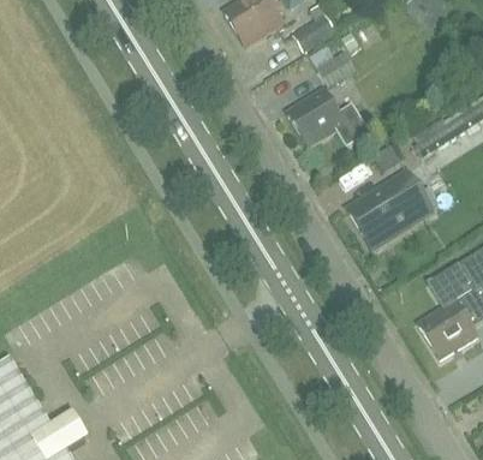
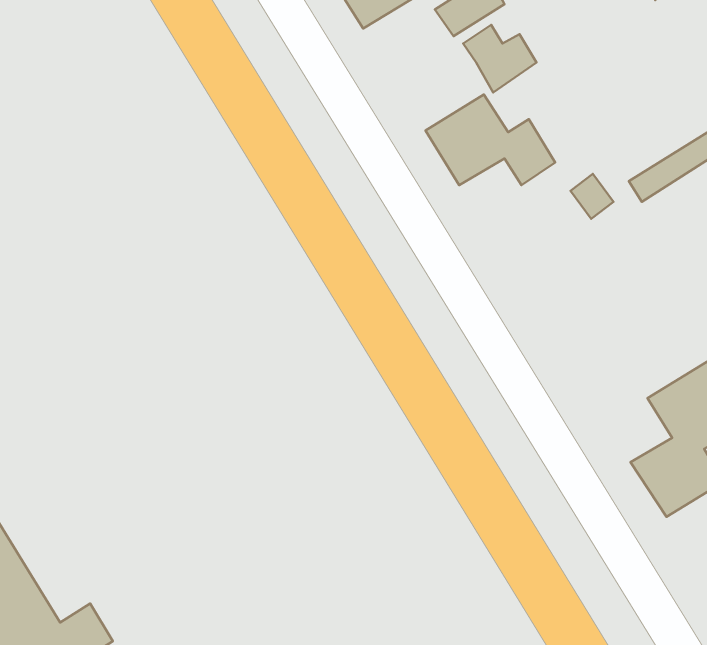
building: [348,172,435,247] -> none

